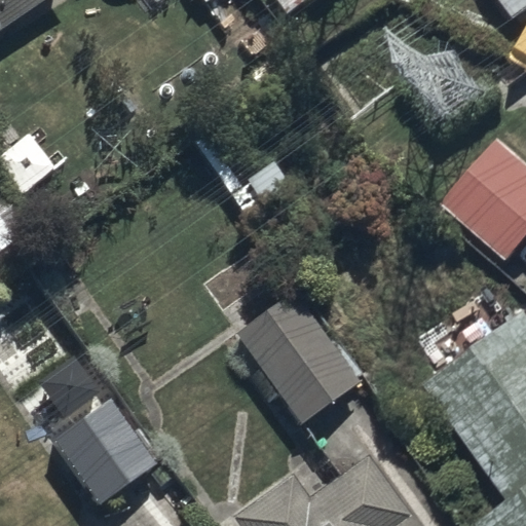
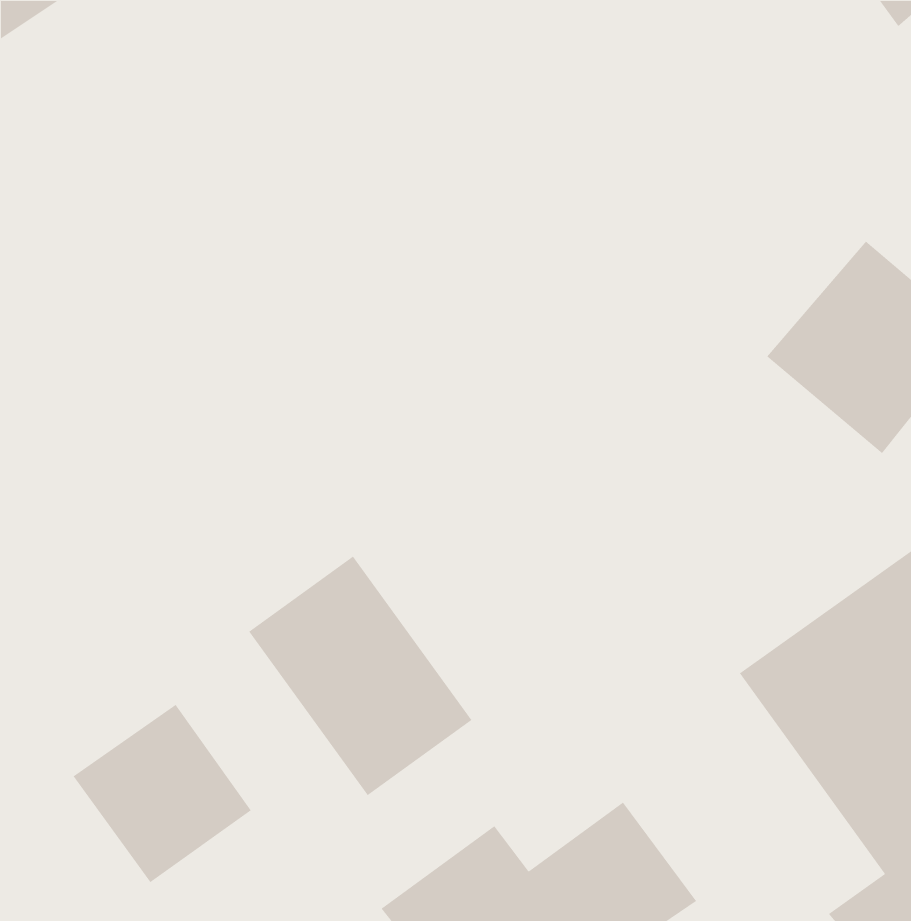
building: [234,288,362,424] -> [248,555,473,796]

